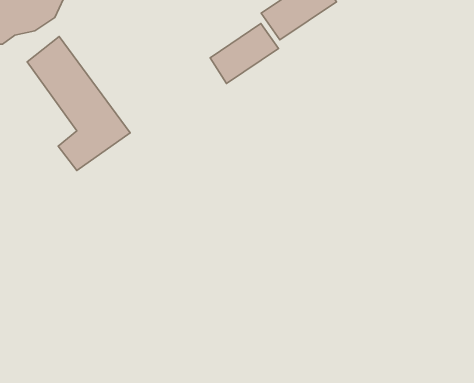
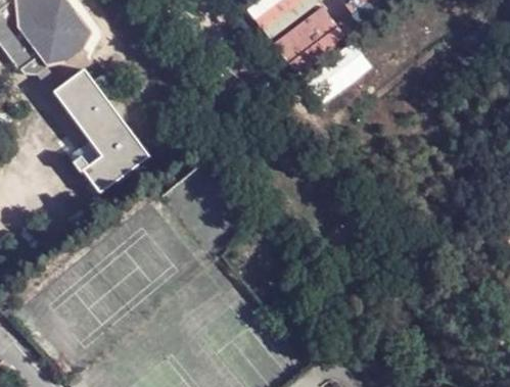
building: [210,24,278,84] -> none

